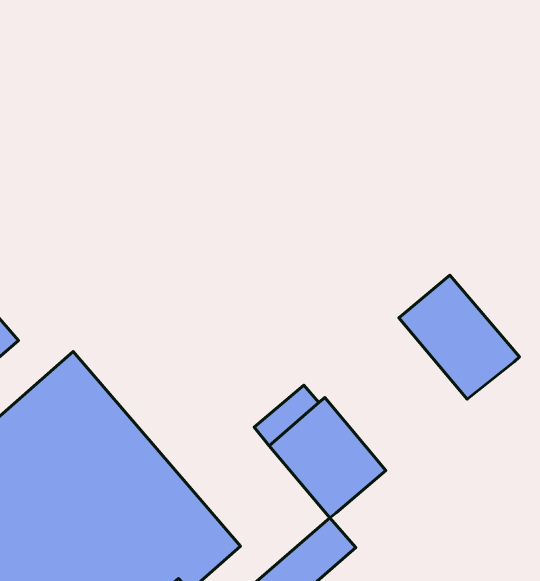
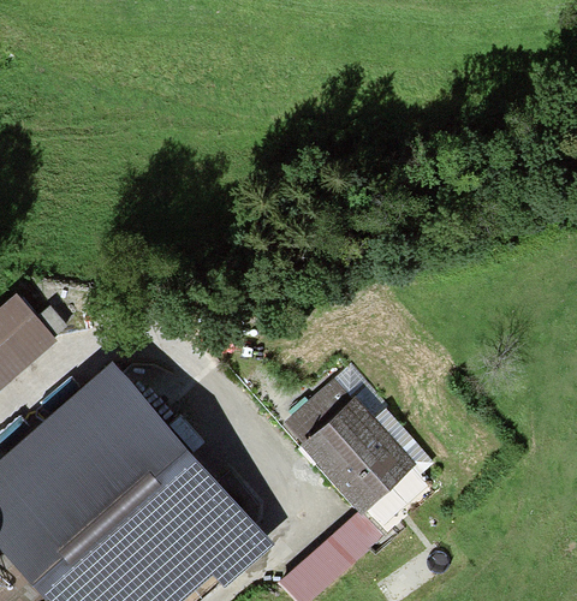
building: [399,275,519,399] -> none
building: none -> [334,373,433,526]

